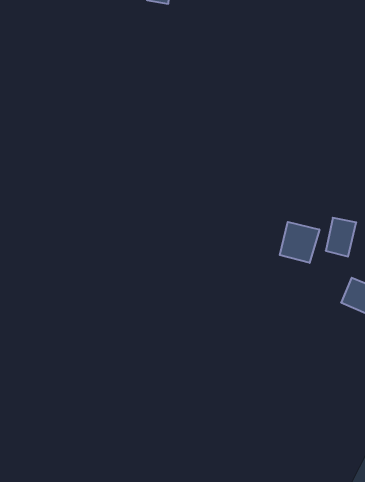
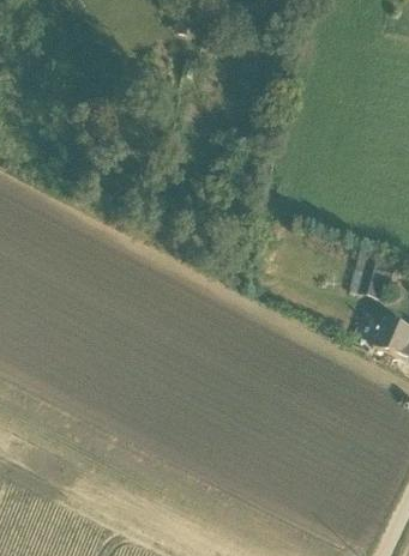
building: [280,222,319,263] -> none

